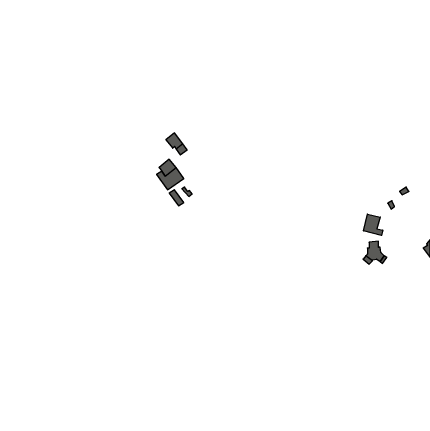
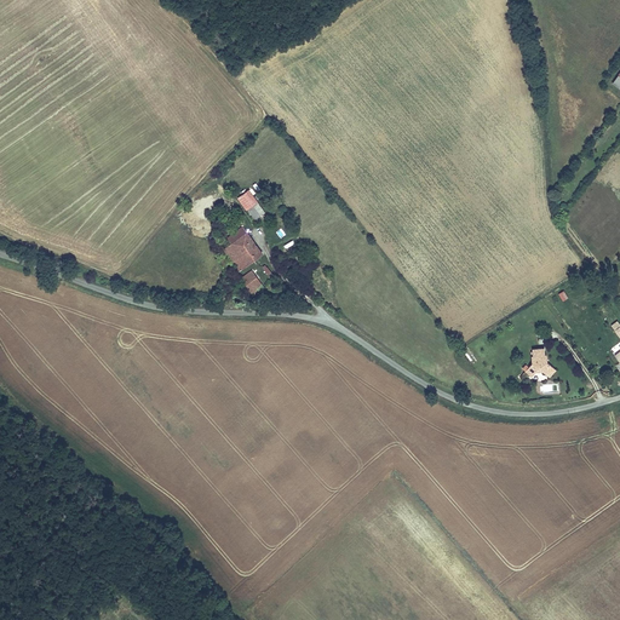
building: [364,214,383,235] -> none

